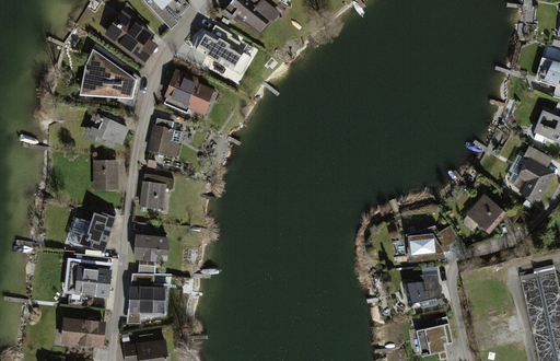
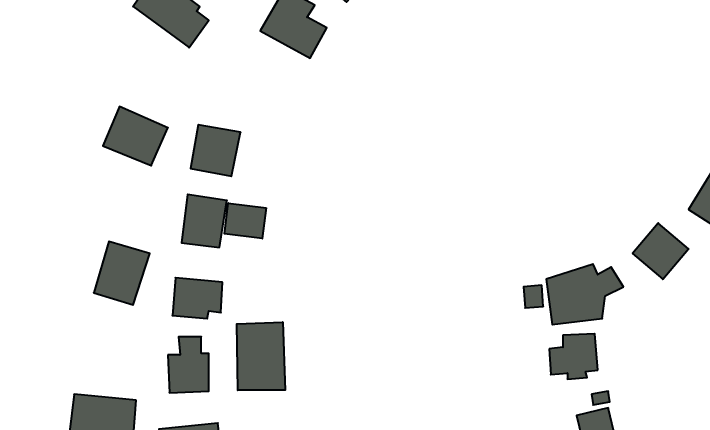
building: [79,49,136,97] -> none
building: [161,67,218,115] -> none
building: [92,159,118,190] -> none
building: none -> [224,203,266,239]
building: [79,263,115,298] -> none
building: none -> [237,322,285,390]

